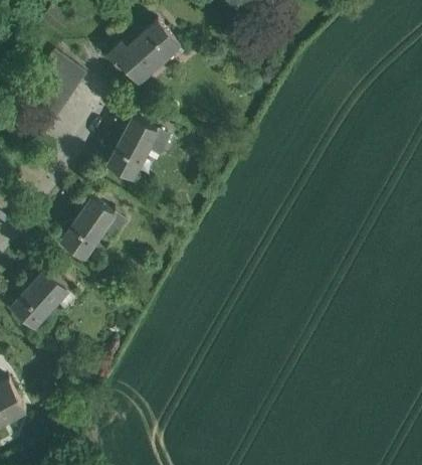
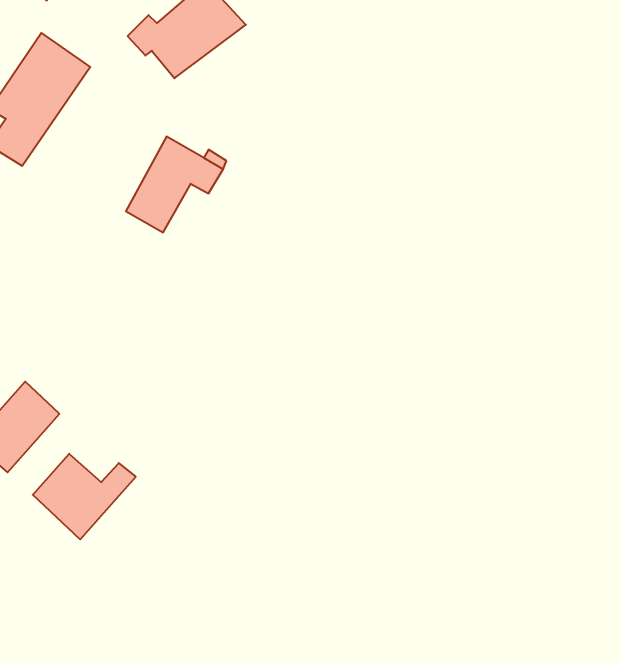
building: [61,199,124,258] -> none
building: none -> [33,454,136,539]

